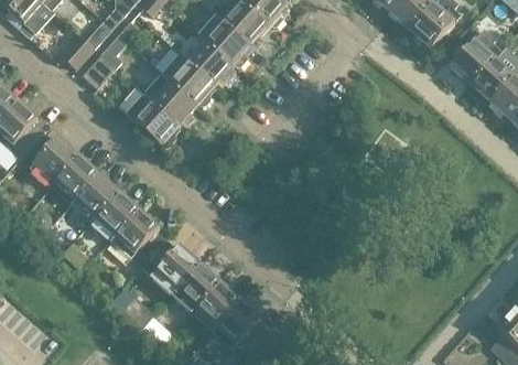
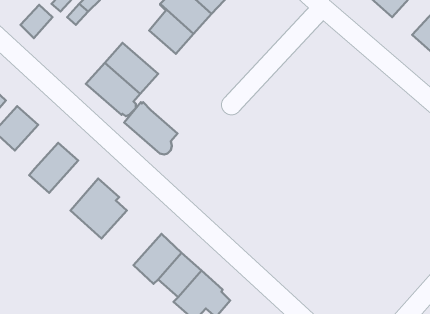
building: [162,53,215,105] -> [124,102,177,155]
building: [83,54,117,89] -> none
building: [55,154,98,197] -> none
building: [89,190,138,239] -> none
building: [134,239,201,296] -> none

